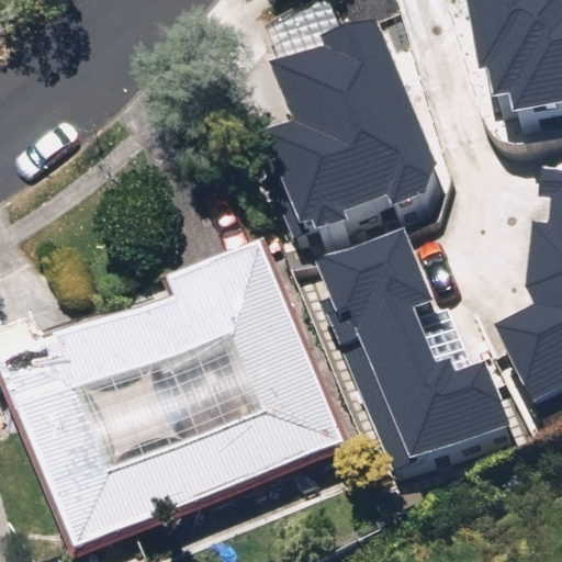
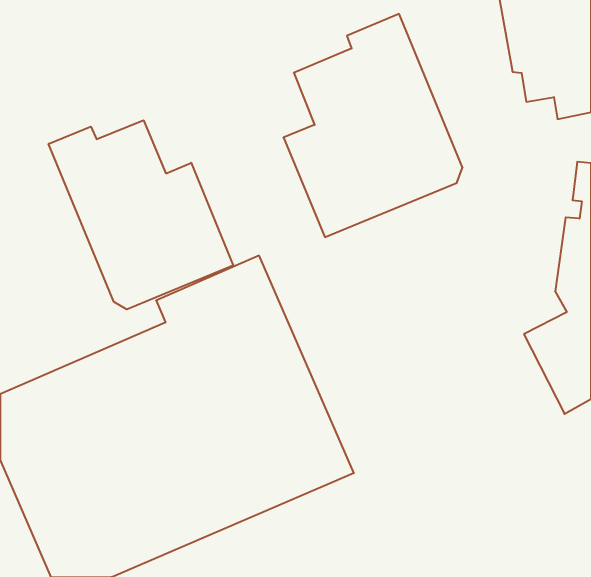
building: none -> [49,120,233,309]
building: [318,225,516,456] -> none

